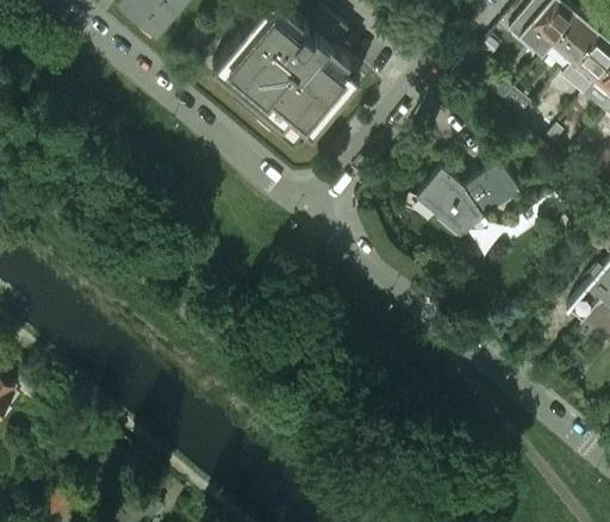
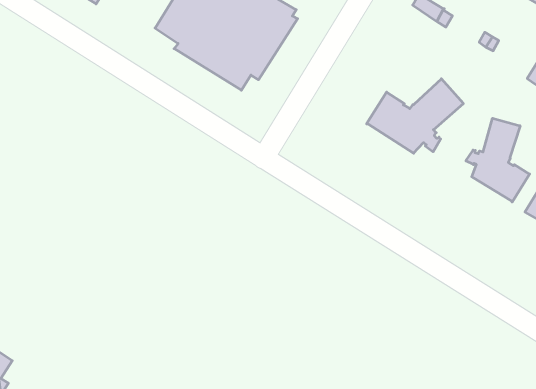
building: none -> [466,118,530,202]

